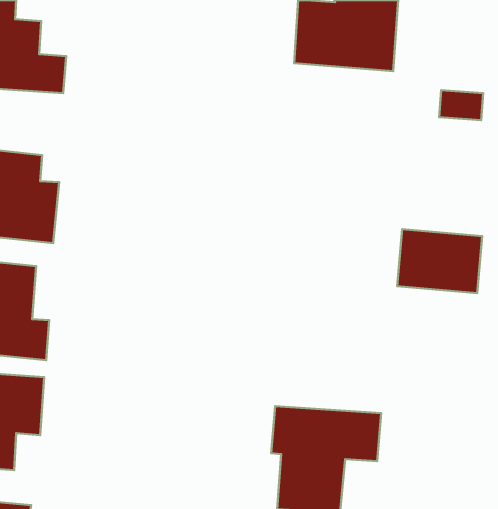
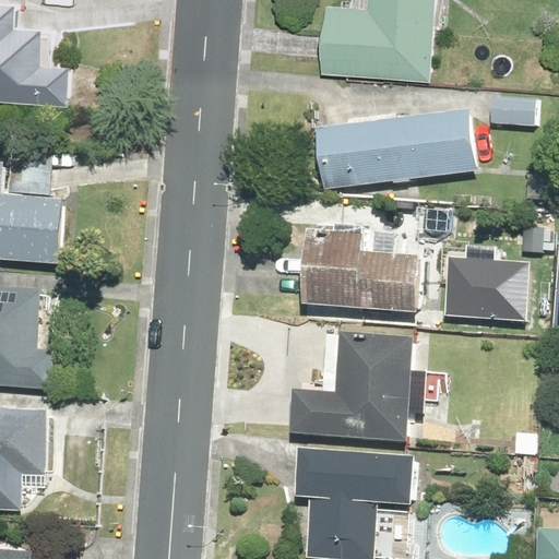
building: none -> [311,108,474,189]
building: none -> [301,226,419,311]
building: none -> [289,331,411,442]

